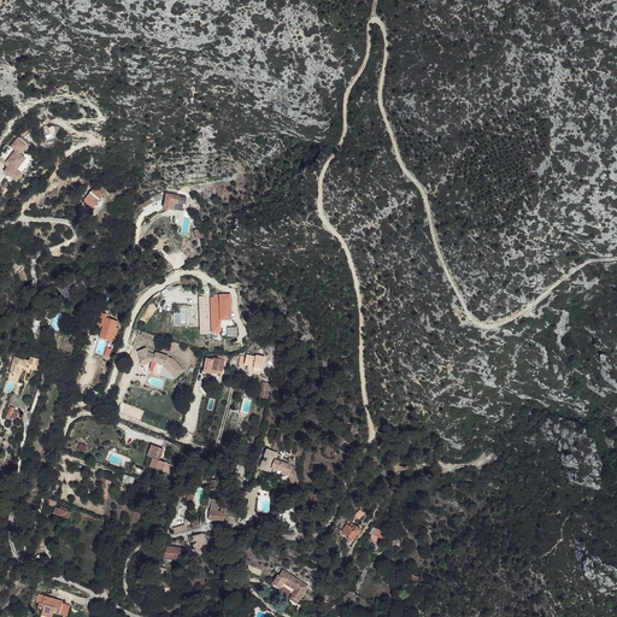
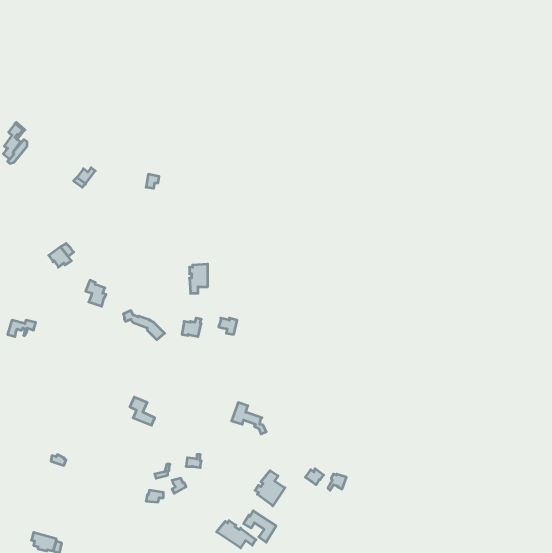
building: none -> [255,471,285,506]
building: none -> [217,521,256,548]

